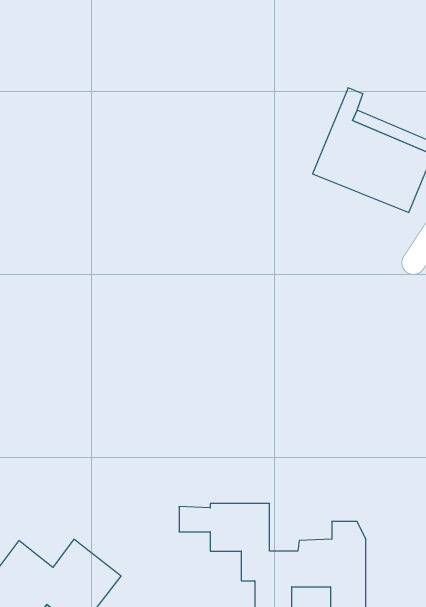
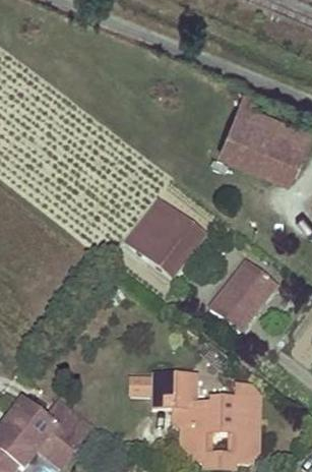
building: none -> [125,198,204,277]
building: none -> [208,262,274,332]

